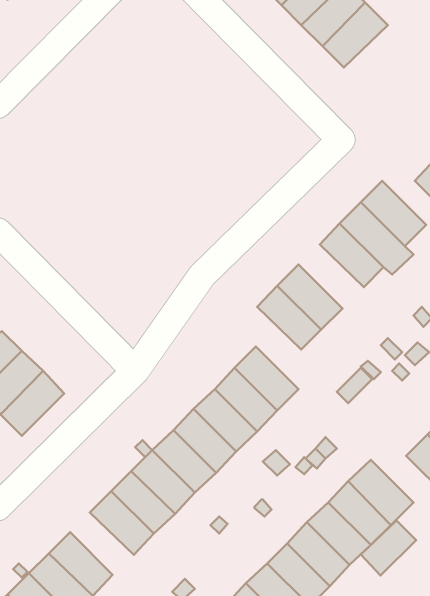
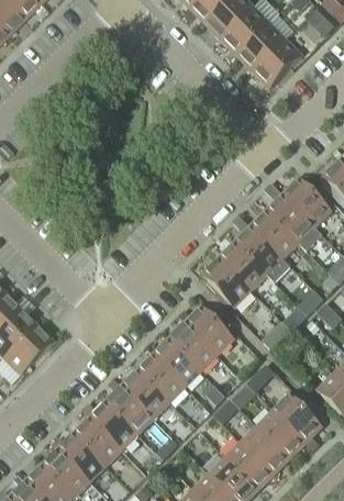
building: none -> [233,225,290,282]
building: none -> [56,433,106,481]
building: [361,520,416,576] -> none

